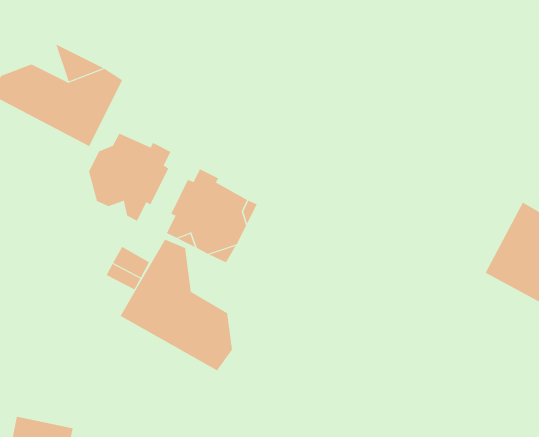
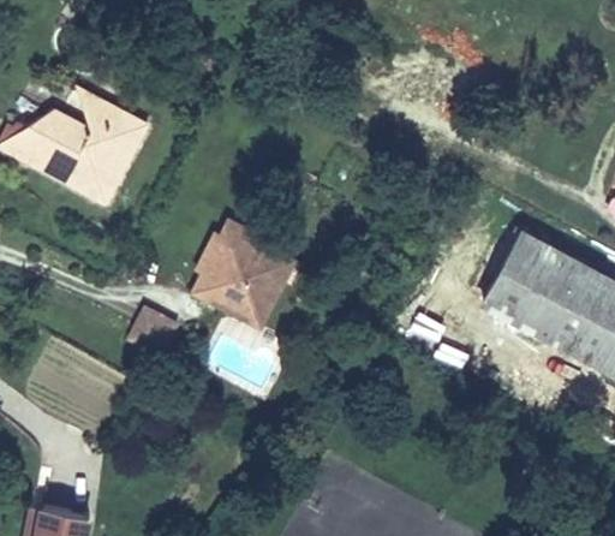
building: [88,133,171,221] -> none
building: none -> [482,227,592,343]
building: [120,239,233,371] -> none

